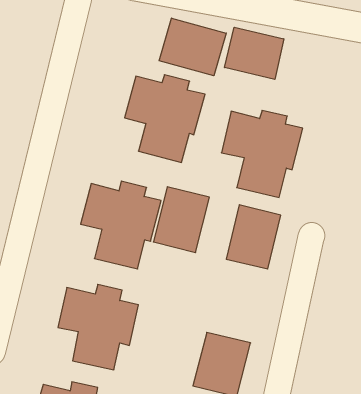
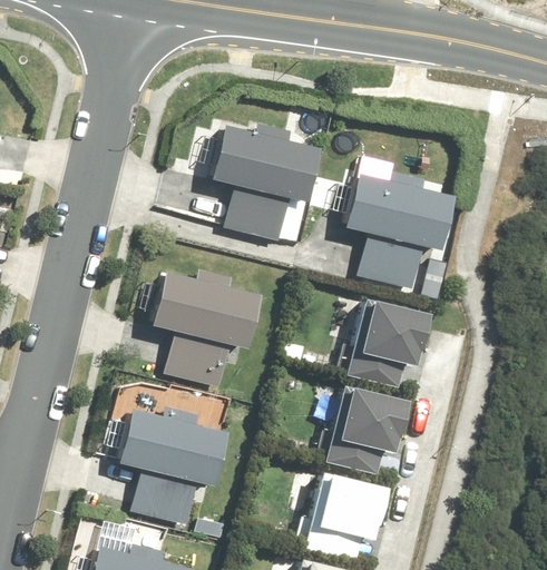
building: [159,18,226,76] -> none
building: [225,27,284,79] -> none
building: [153,187,209,253] -> [326,384,403,474]

